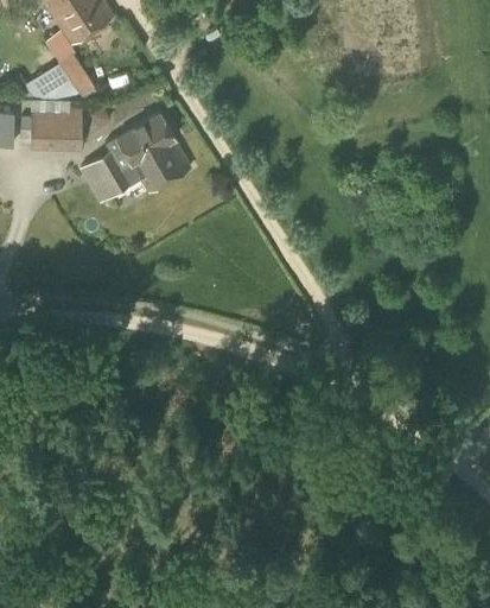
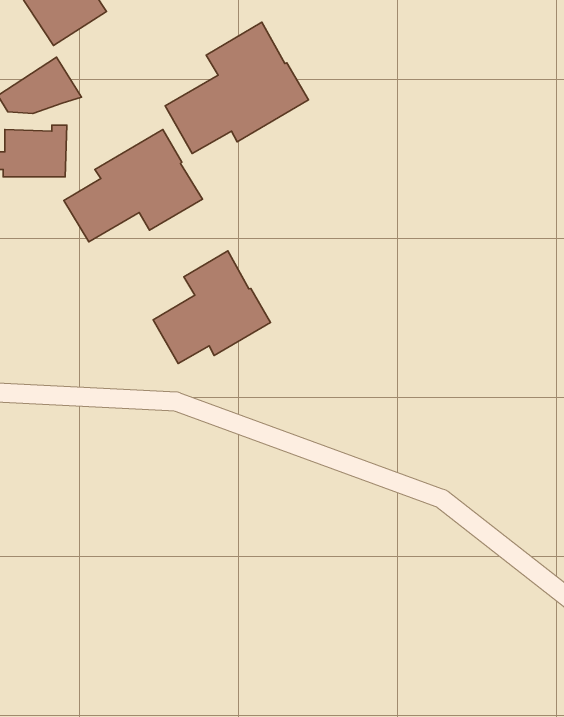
building: none -> [165,22,308,154]
building: none -> [153,251,270,363]

